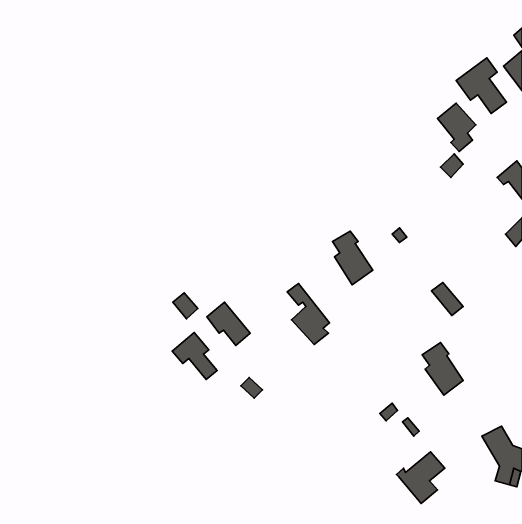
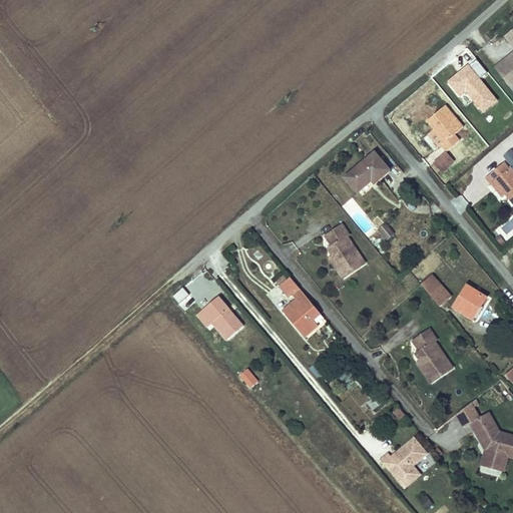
building: none -> [345,153,390,190]
building: none -> [454,288,486,317]
building: [172,333,217,380] -> none

